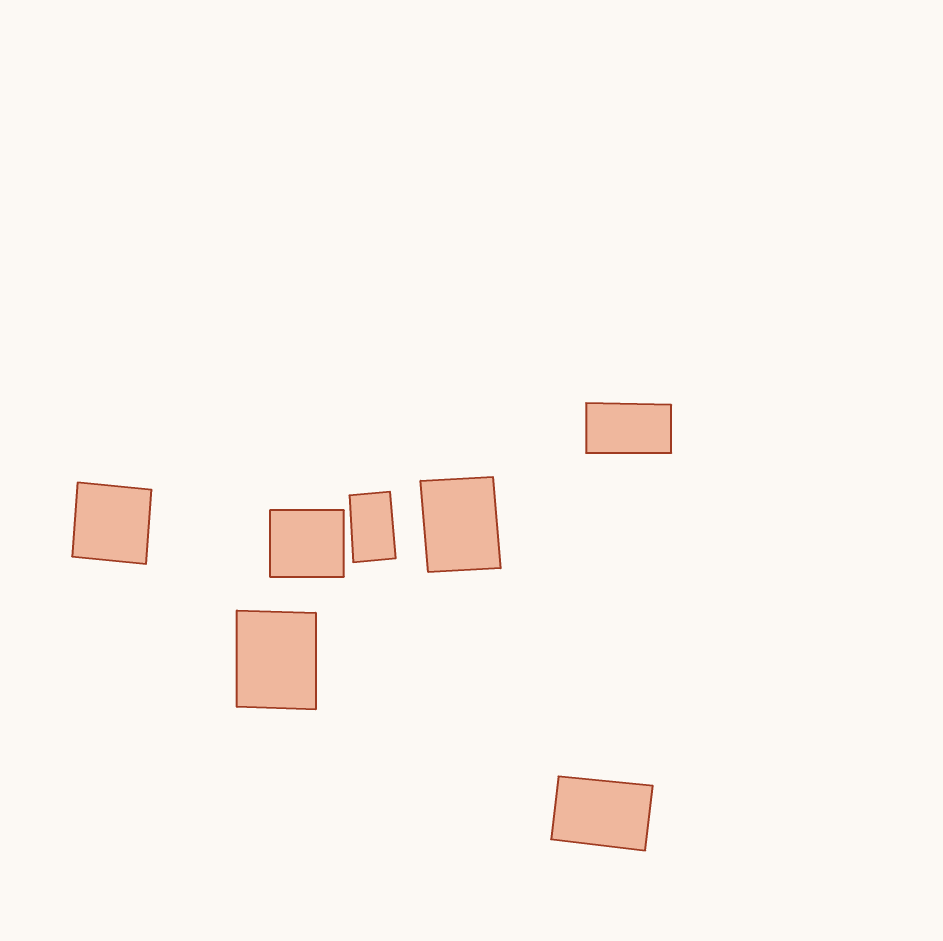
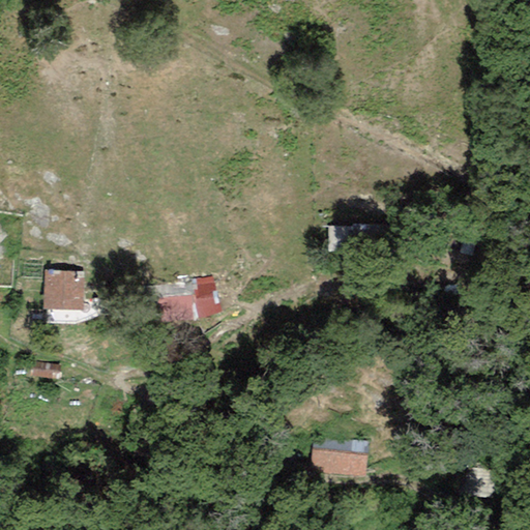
building: [421,477,501,572] -> none
building: [237,610,316,709] -> none

